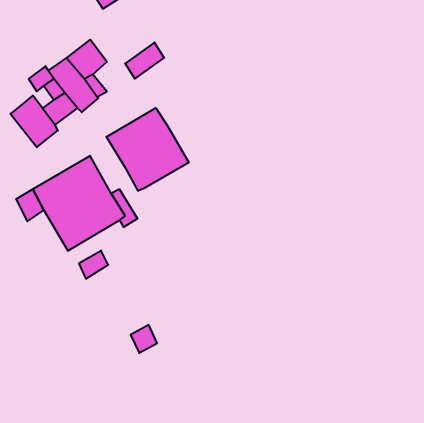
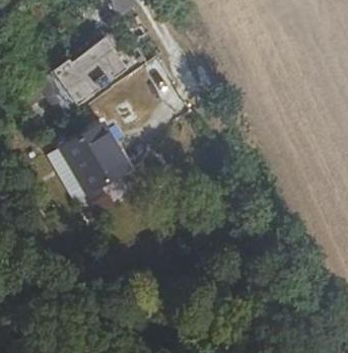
building: [106,108,189,191] -> none

